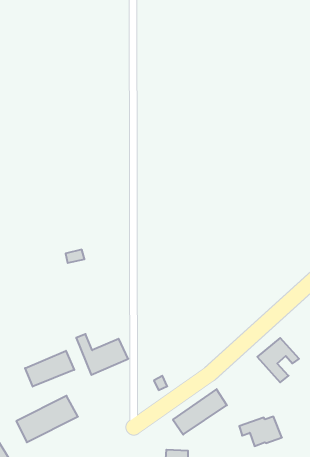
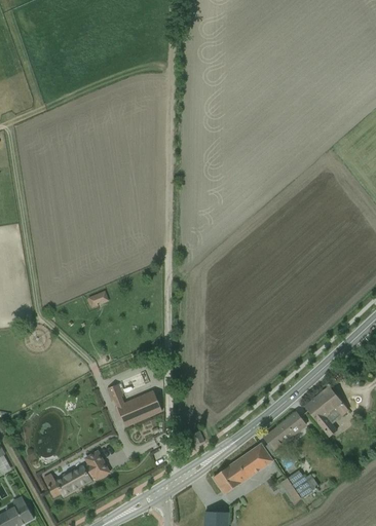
building: [25,351,74,387] -> none
building: none -> [265,415,305,451]

